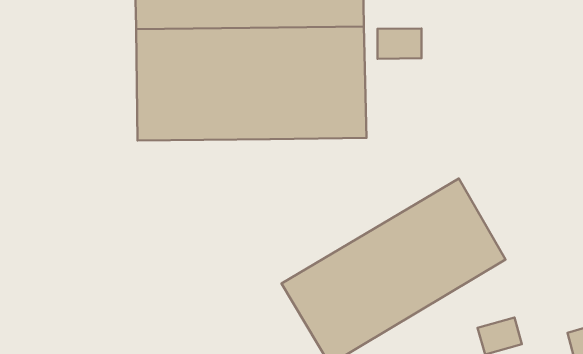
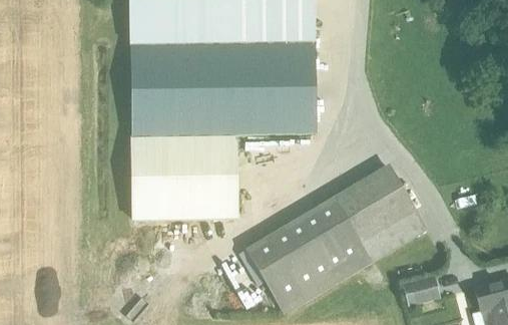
building: [377,28,421,59] -> none
building: none -> [132,134,238,218]

